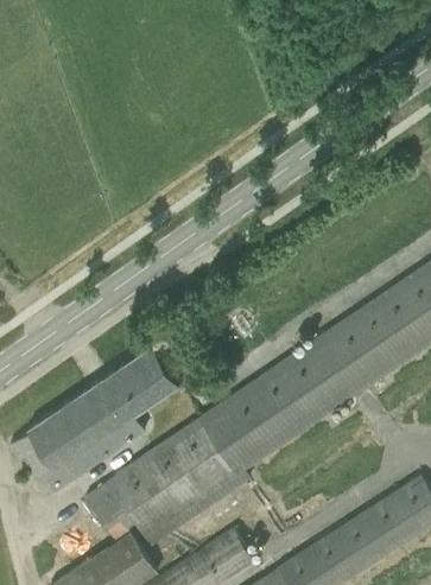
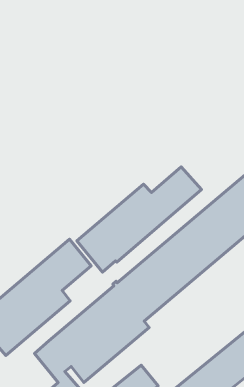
building: none -> [77,167,201,272]

